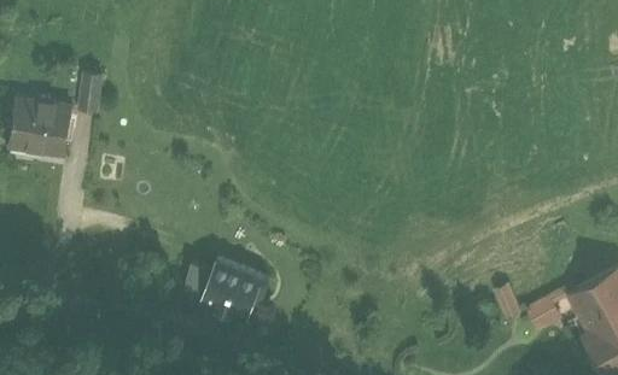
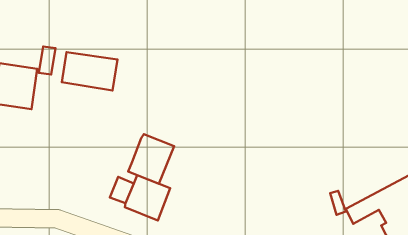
building: none -> [62,52,117,90]
building: none -> [128,134,174,184]

